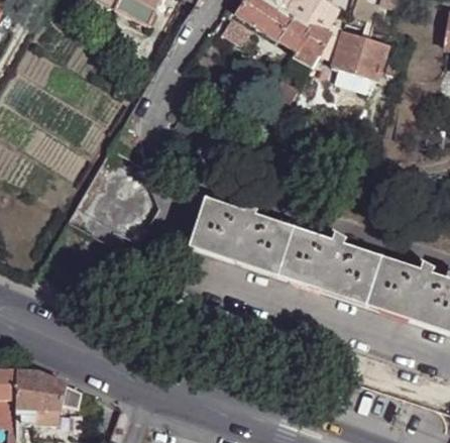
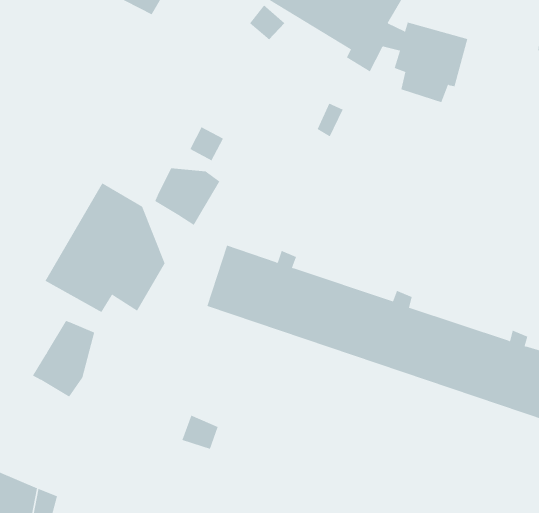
building: none -> [154,168,220,226]
building: none -> [32,320,95,398]

